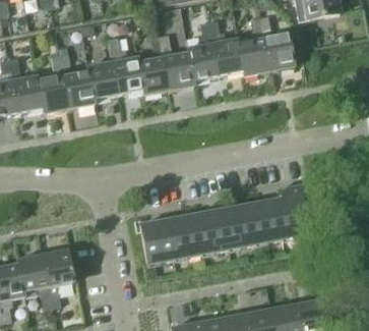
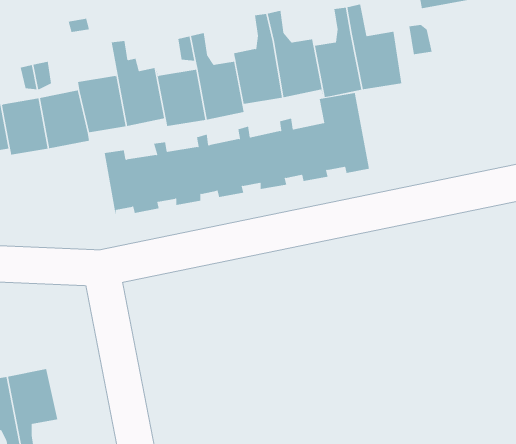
building: [139,184,309,264] -> [104,92,370,217]

